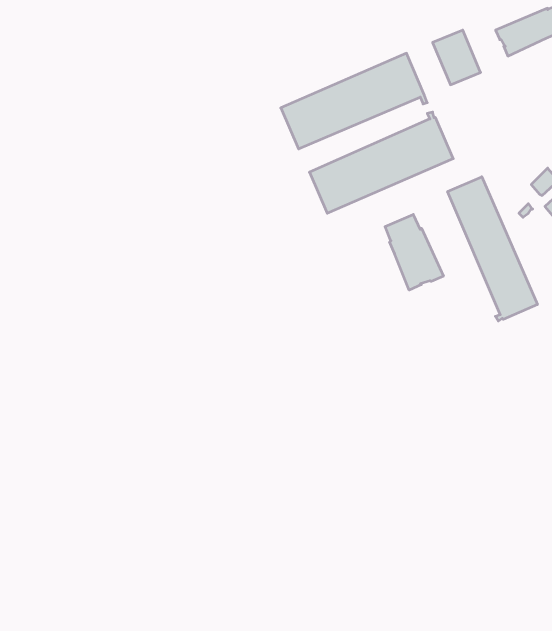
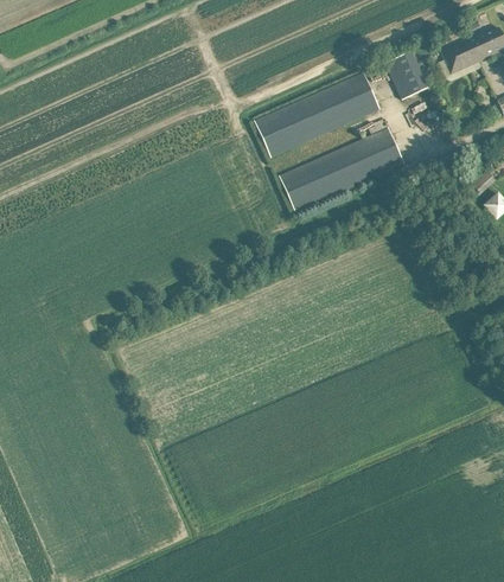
building: [448,177,537,321] -> none
building: [385,214,443,290] -> none

